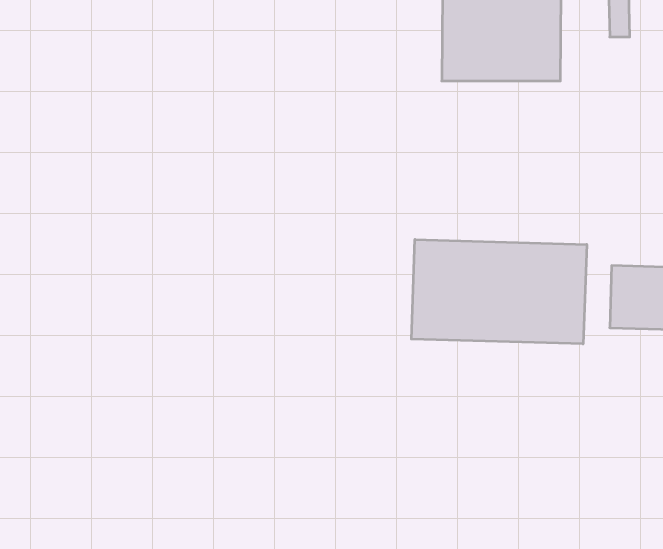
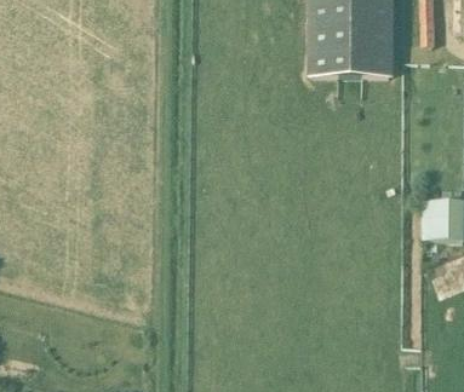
building: [411,239,587,344] -> none

